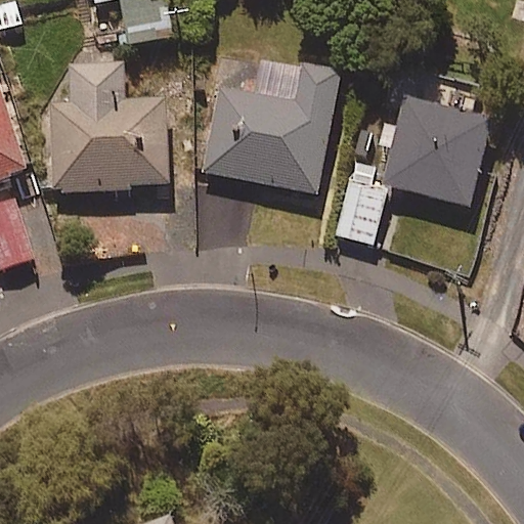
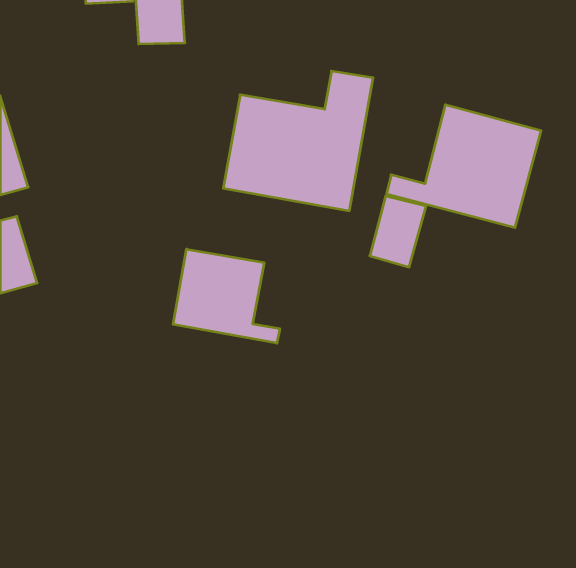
building: [50,47,168,190] -> none
building: none -> [173,249,280,343]

